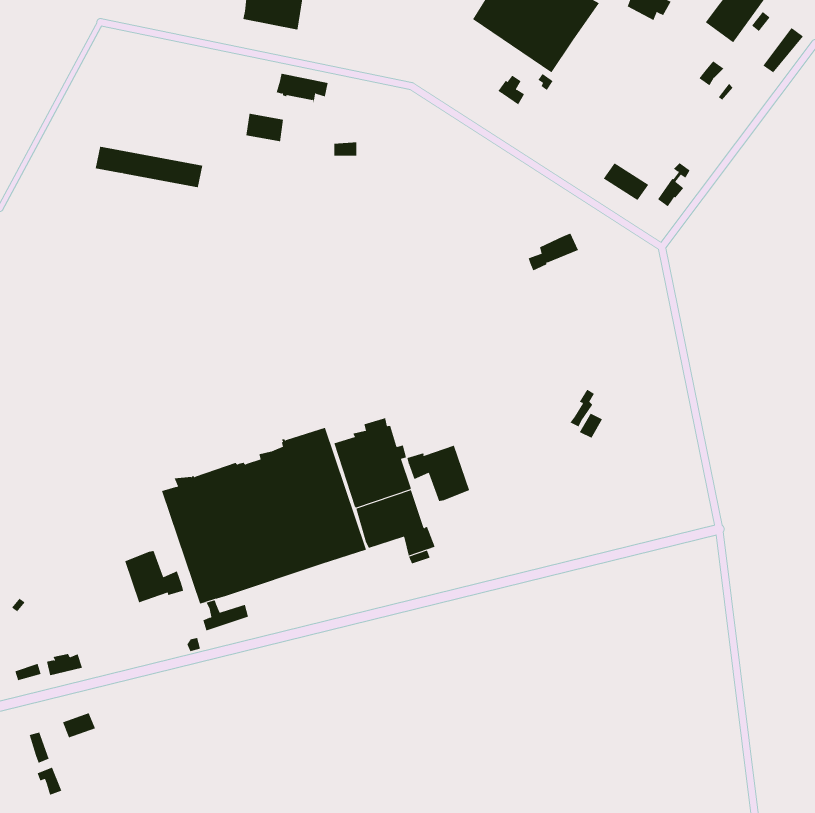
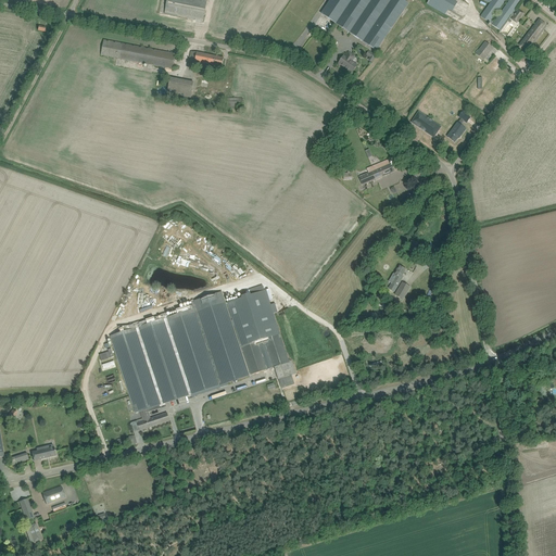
building: [95,146,203,188] -> [101,39,175,67]
building: [407,445,470,502] -> none
building: [124,550,184,603] -> none

